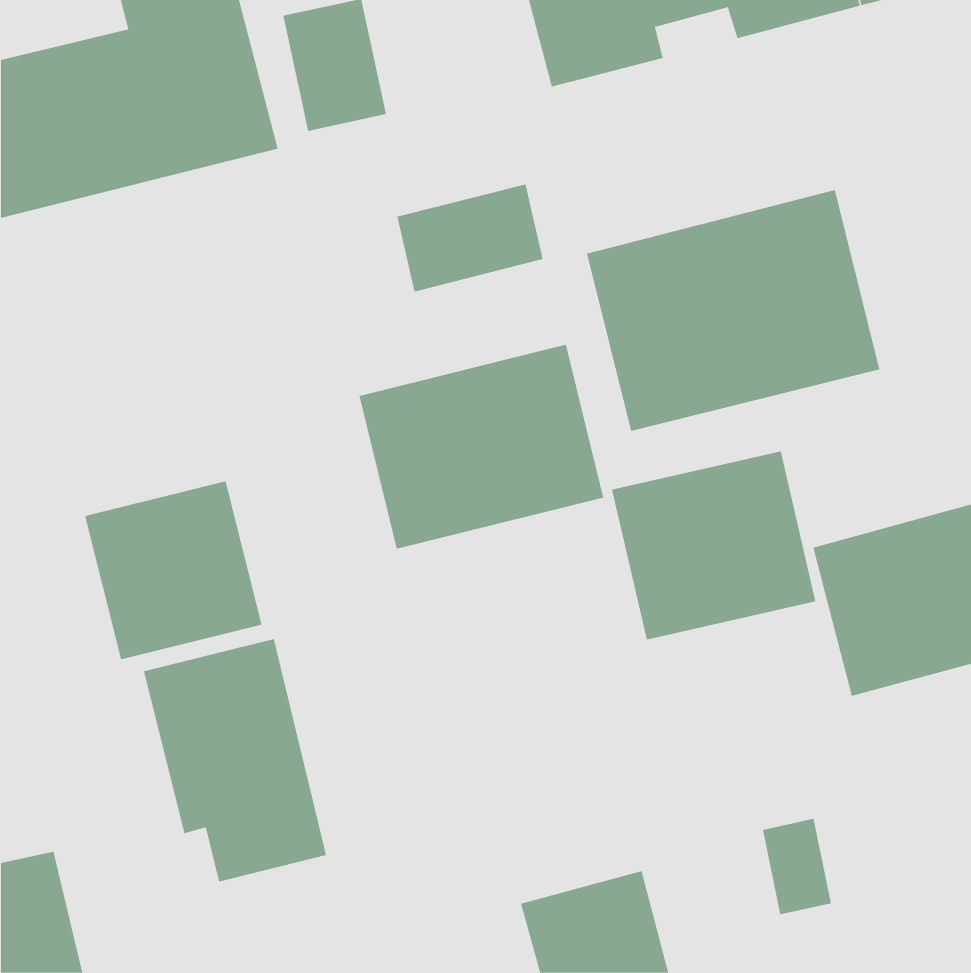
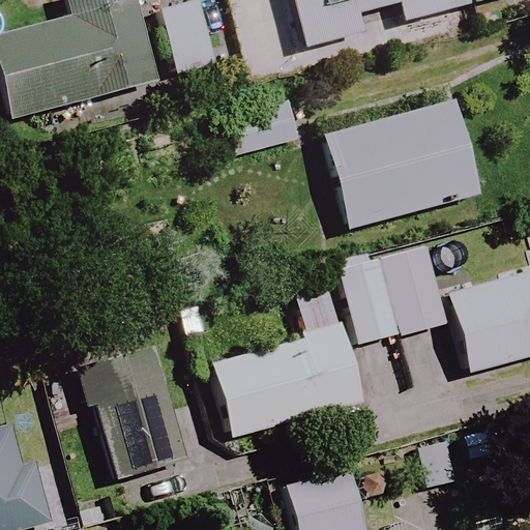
building: [359,344,604,549] -> none
building: [85,481,262,660] -> none
building: none -> [210,279,359,435]

